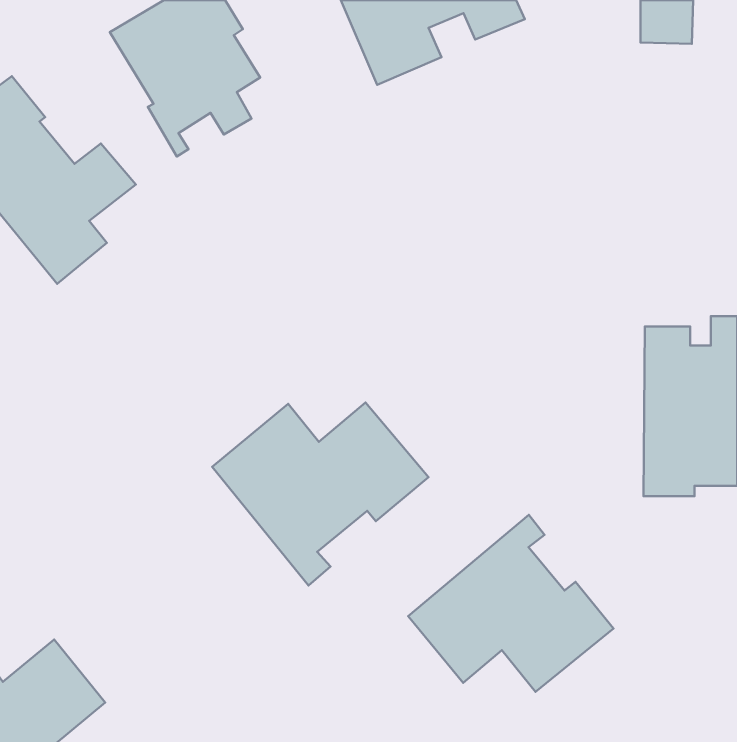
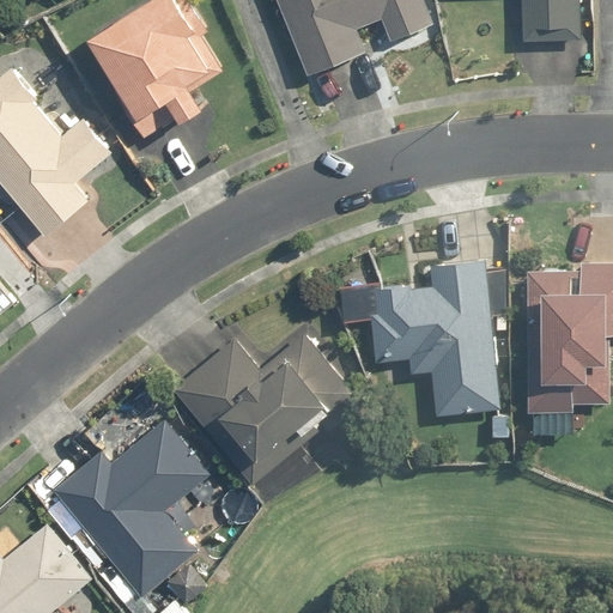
building: none -> [374,251,500,414]
building: none -> [50,423,207,605]
building: [408,515,614,692] -> none

